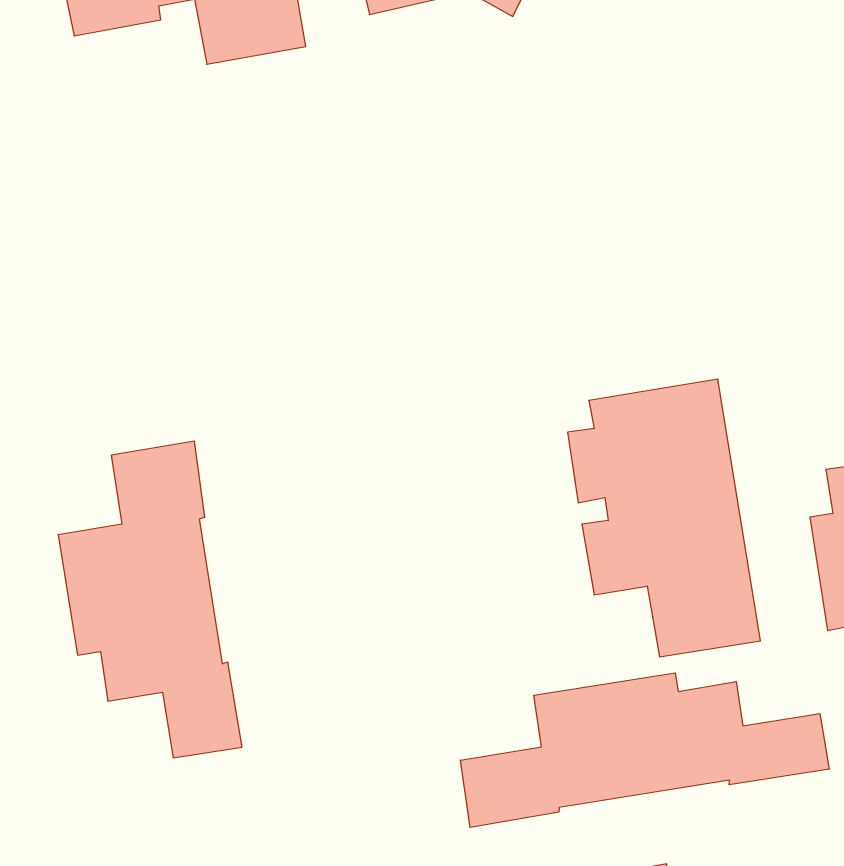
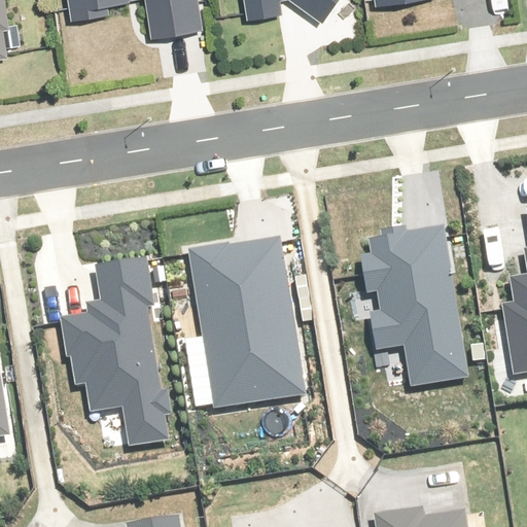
building: none -> [186,237,303,405]
building: [461,673,829,827] -> none

